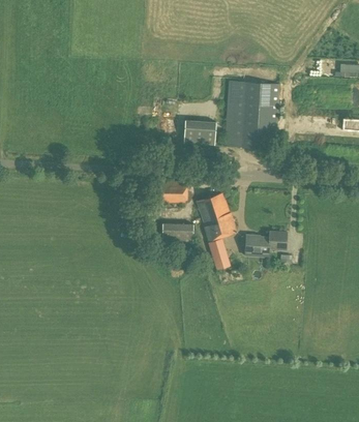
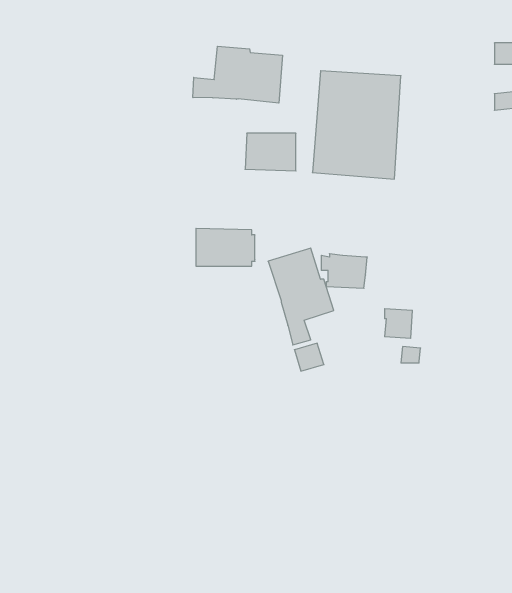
building: none -> [193,46,282,103]
building: [160,223,191,242] -> none
building: [242,235,271,257] -> [321,254,367,288]

